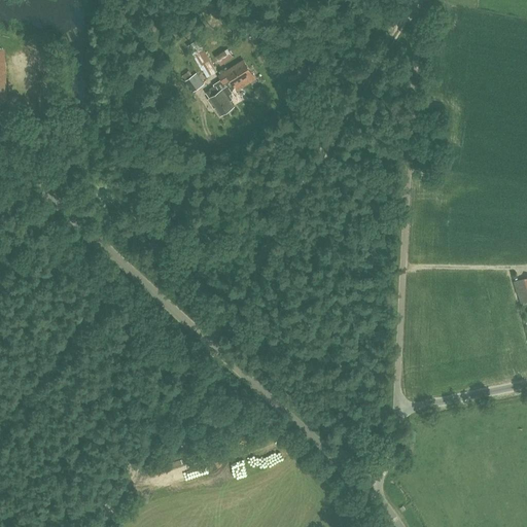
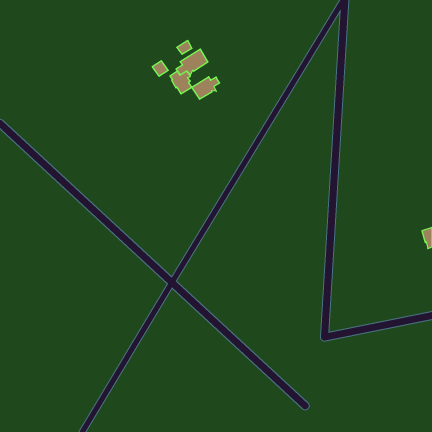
building: none -> [192,77,220,99]

